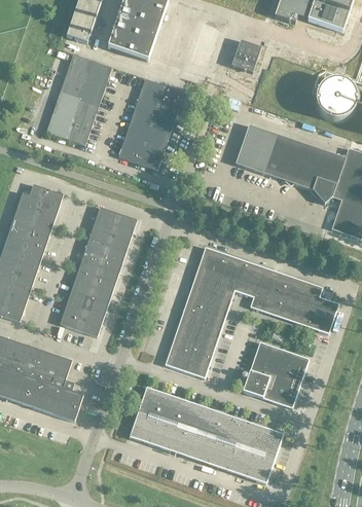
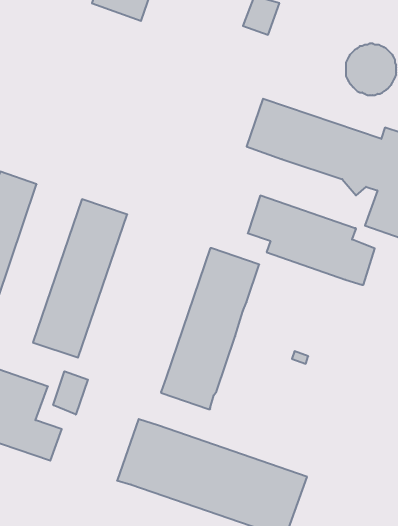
building: [46,53,112,145] -> none
building: [118,78,184,170] -> none
building: [234,260,338,333] -> [248,196,375,285]
building: [242,341,310,408] -> none
building: none -> [53,371,88,415]

